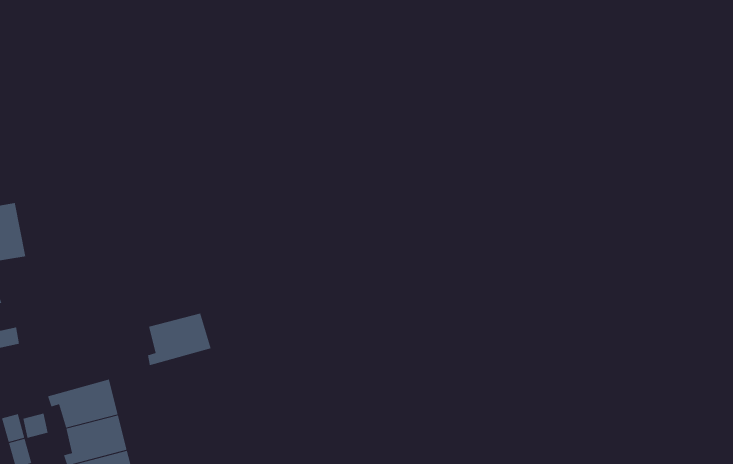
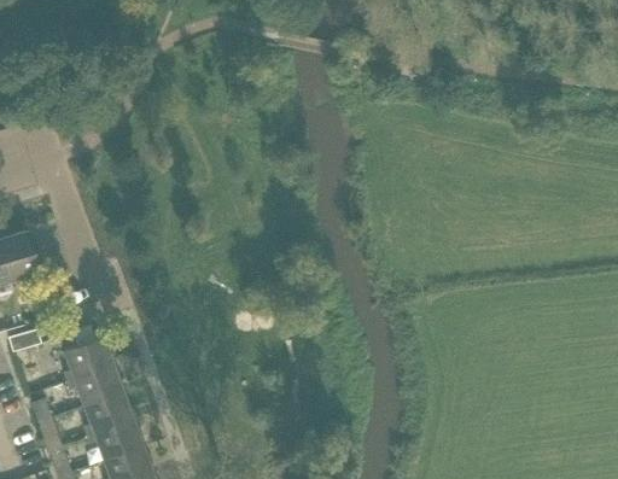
building: [147,313,211,366] -> [63,338,115,384]

